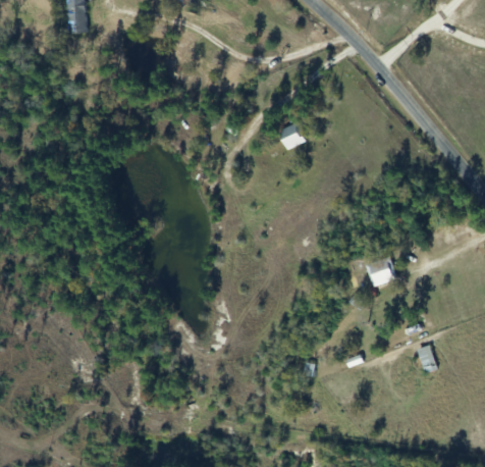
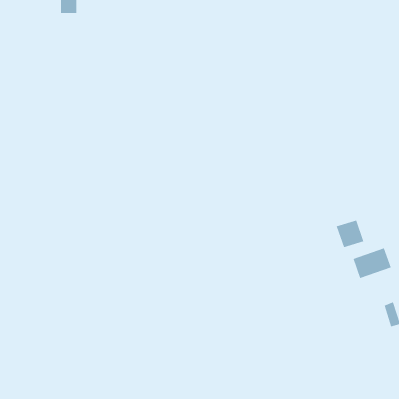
building: [279,122,305,148] -> none
building: none -> [353,248,391,279]

